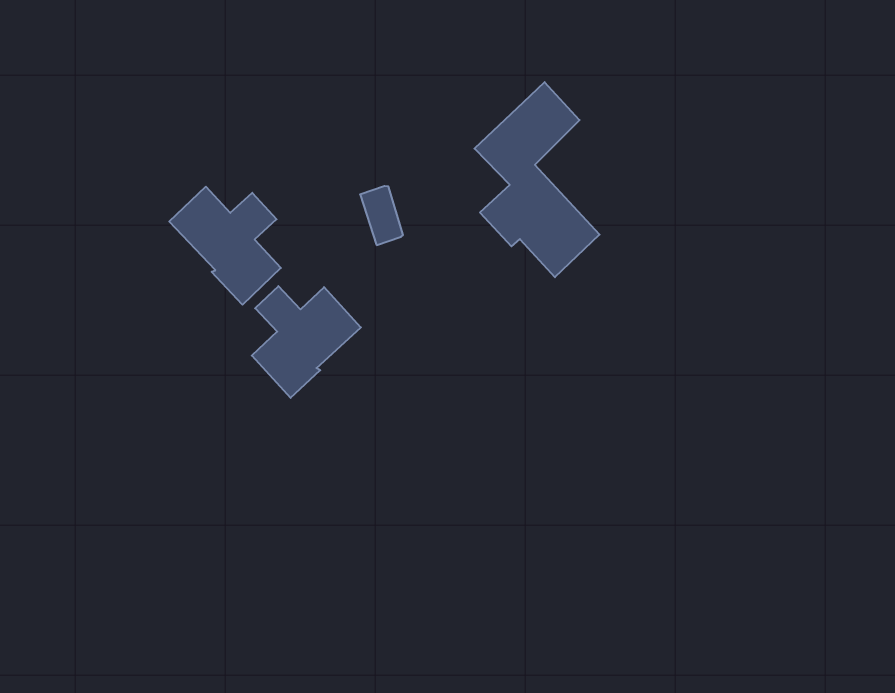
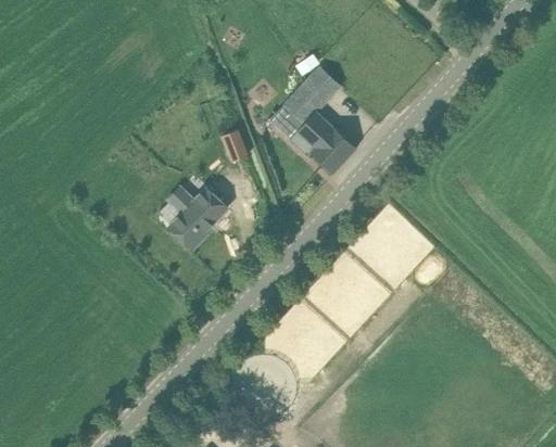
building: [169,187,281,305] -> none

